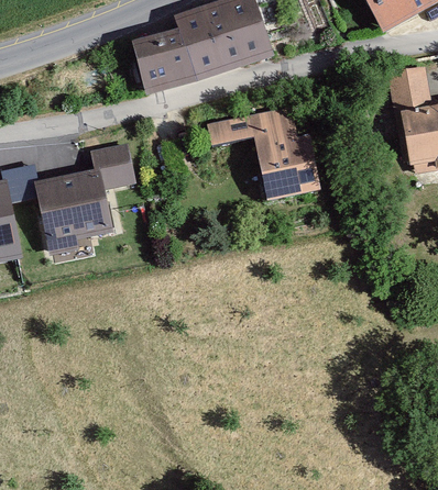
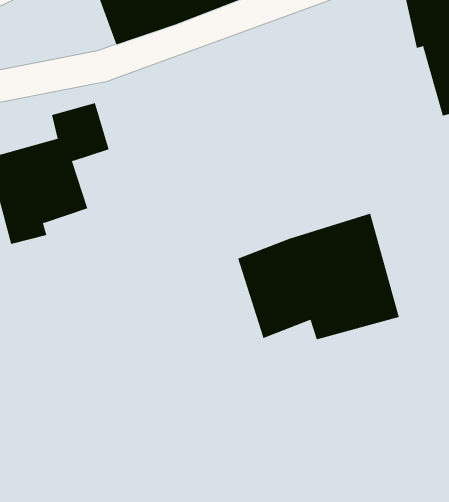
building: [206,104,320,199] -> none
building: none -> [238,213,399,340]

